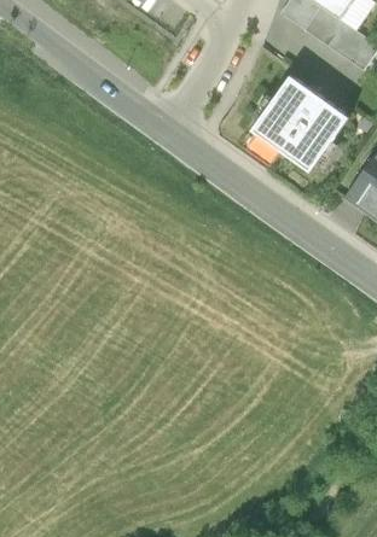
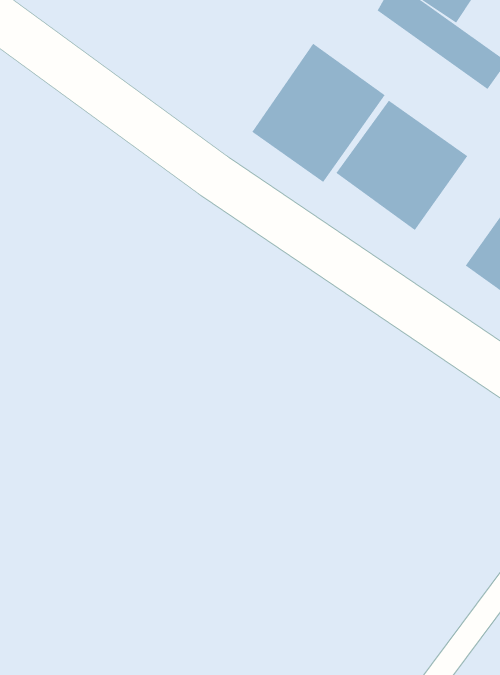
building: none -> [251,43,385,183]

